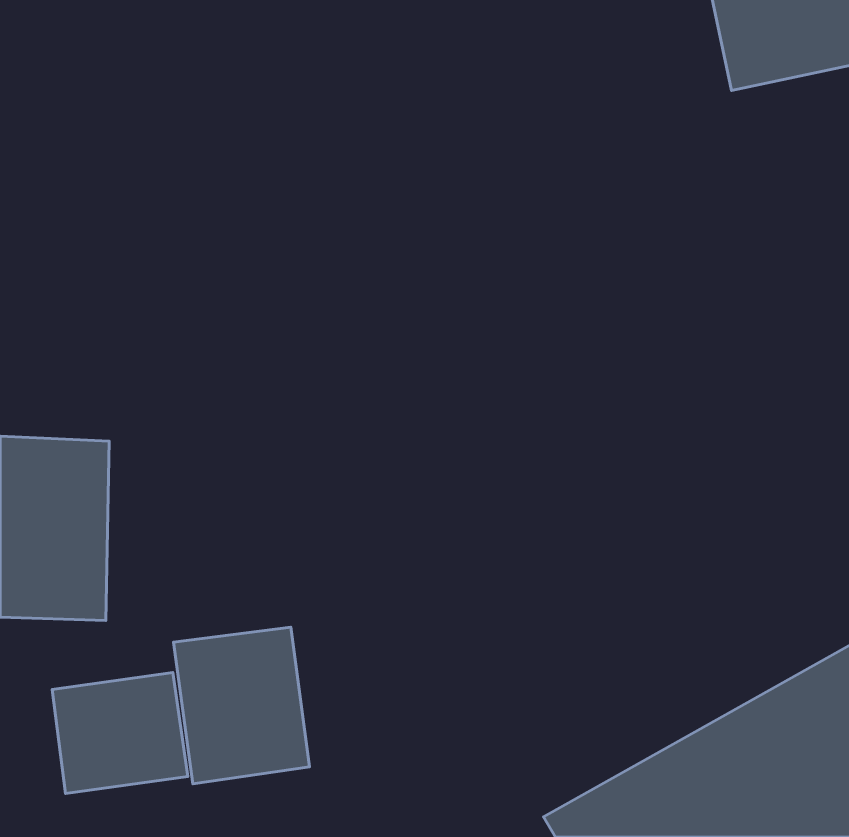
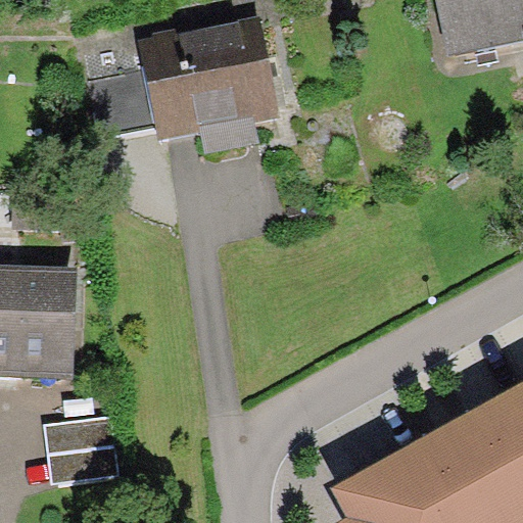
building: none -> [128,17,277,138]
building: [173,627,310,784] -> none

